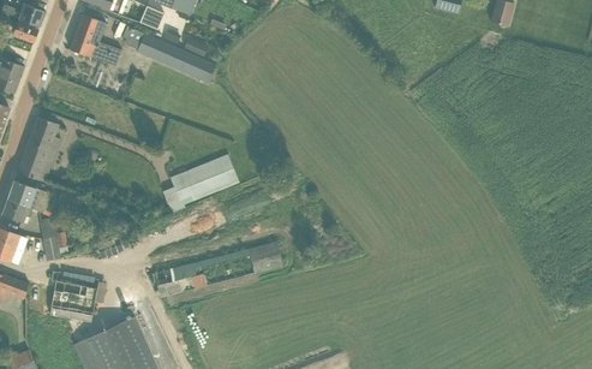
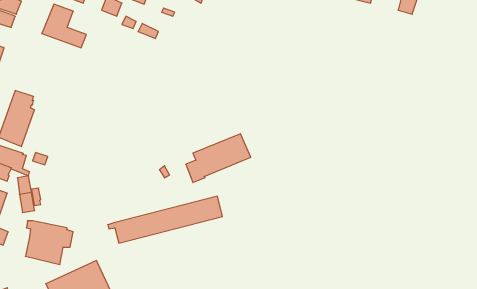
building: [121,25,216,83] -> none
building: [162,154,239,212] -> [186,134,251,183]

